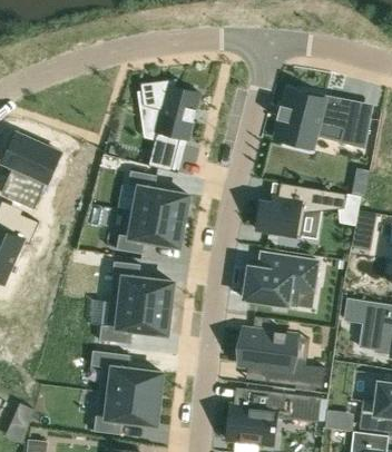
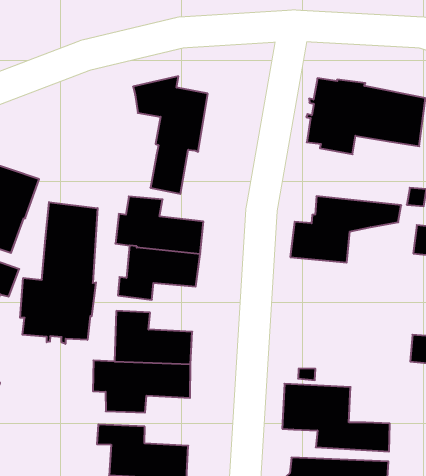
building: none -> [20,202,98,344]
building: [241,253,318,307] -> none

